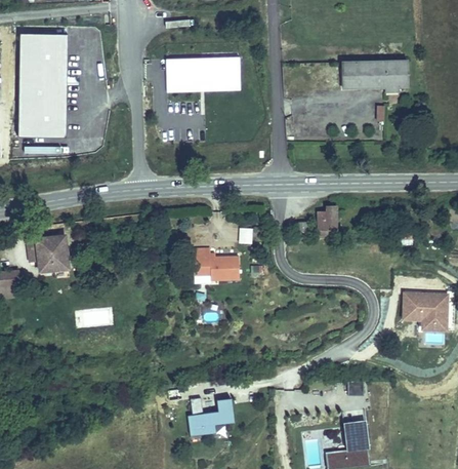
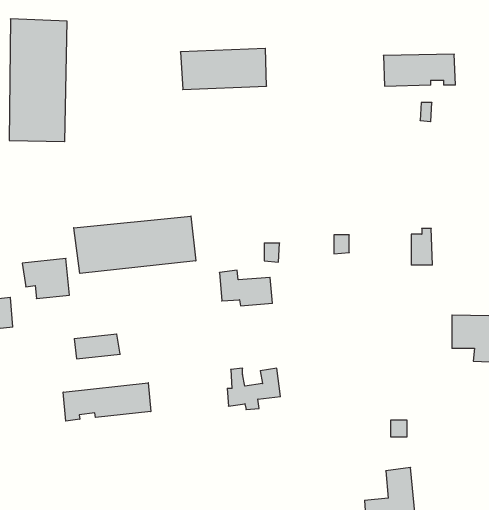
building: [320,203,338,235] -> [411,228,432,265]
building: none -> [74,216,196,273]
building: none -> [63,383,151,421]
building: [189,397,235,433] -> [227,368,280,410]

